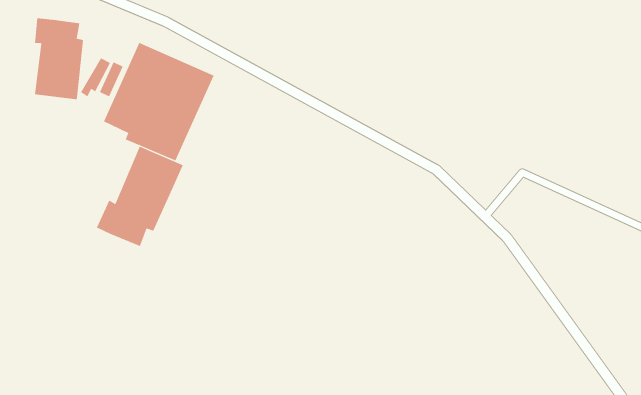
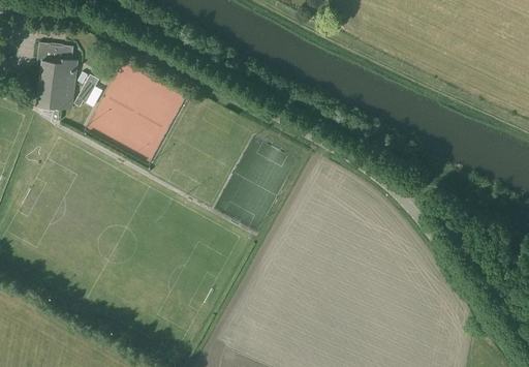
building: [96,146,184,247] -> none

